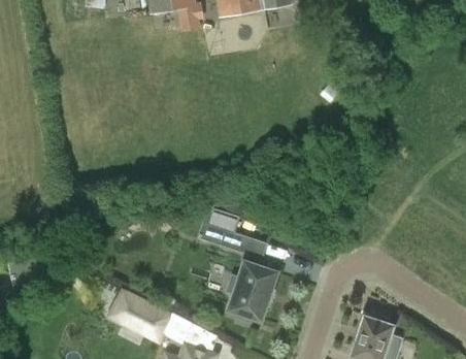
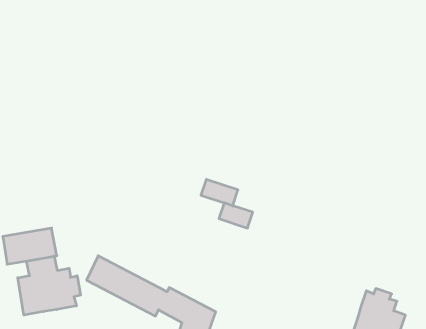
building: [226,263,276,320] -> none
building: none -> [18,256,81,315]

